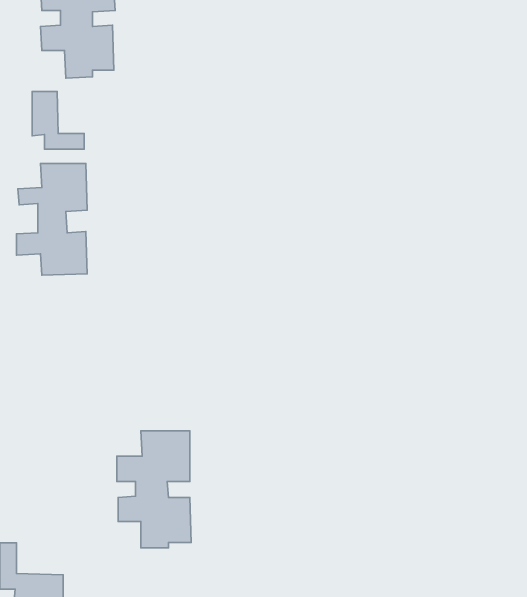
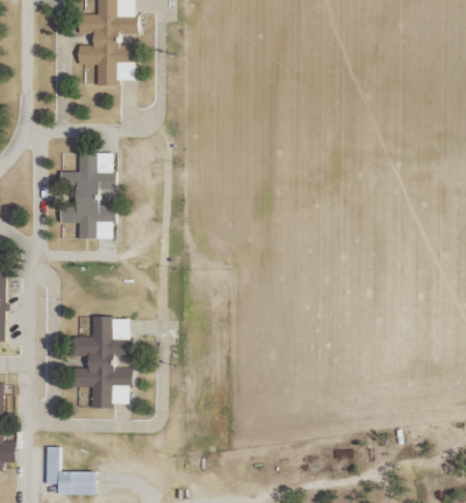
building: [32,91,84,149] -> none
building: [117,431,191,548] -> [72,317,130,408]

